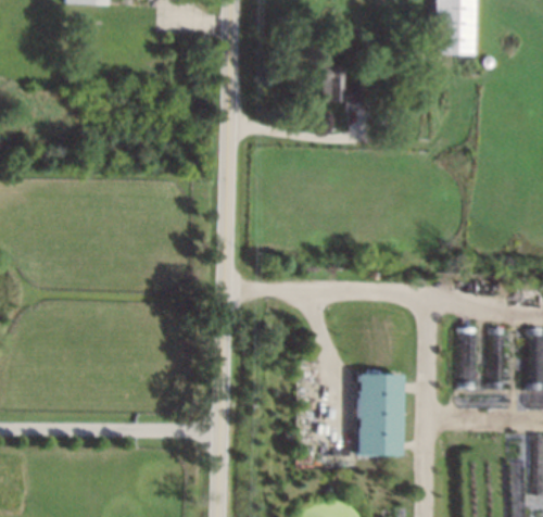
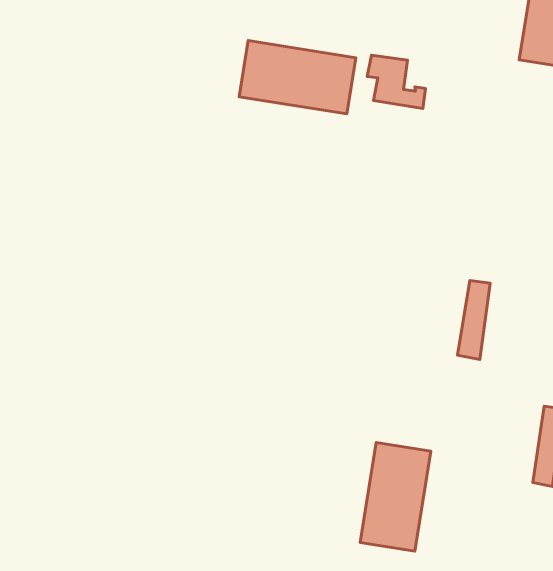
building: none -> [239,41,356,114]
building: [459,327,478,389] -> [457,281,490,360]

